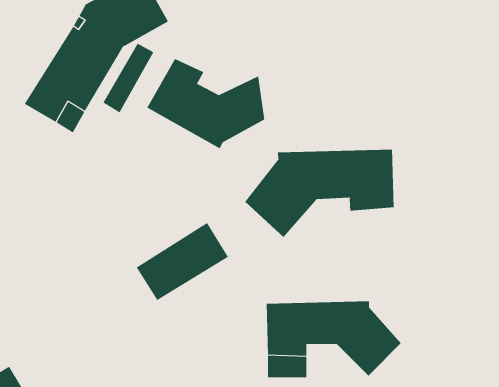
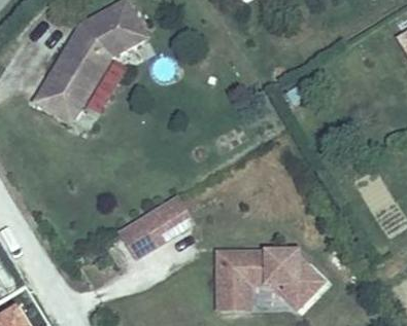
building: [147,58,265,149] -> none
building: [245,149,394,238] -> none

